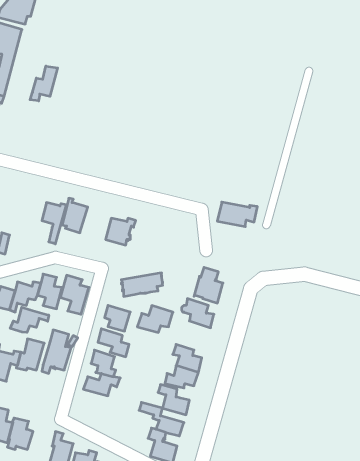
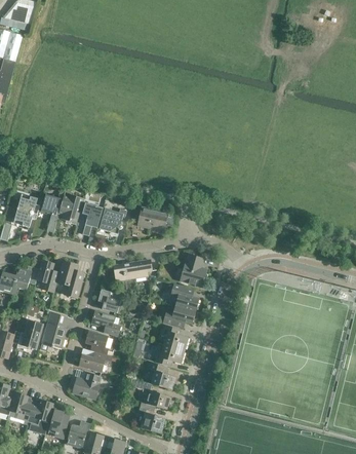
building: [30,66,58,101] -> none
building: [217,202,257,227] -> [136,207,173,230]
building: none -> [81,195,102,235]
building: none -> [13,196,39,227]
building: [137,306,173,332] -> [162,303,195,328]
building: [10,307,49,332] -> none
building: none -> [72,373,100,399]
building: none -> [27,400,53,424]

